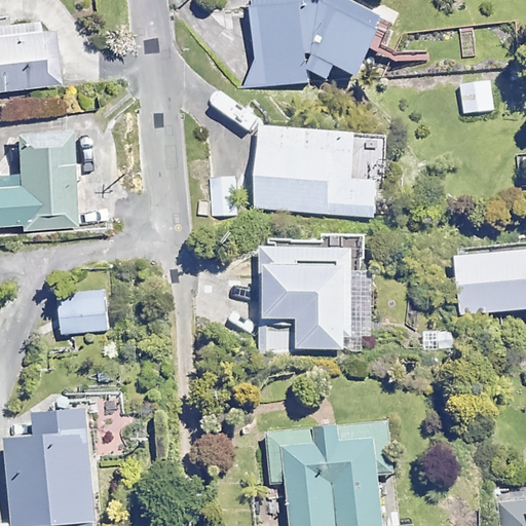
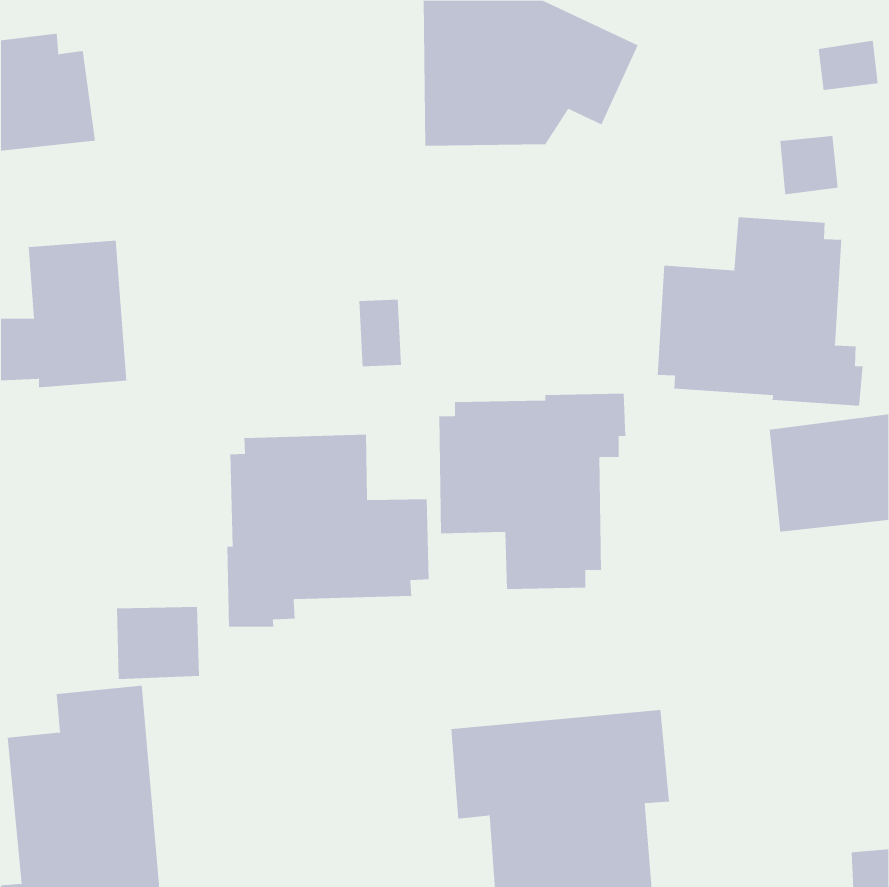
building: [240,125,391,219] -> none
building: none -> [657,216,863,406]
building: none -> [227,434,429,627]
building: [58,290,107,333] -> [116,606,200,679]

